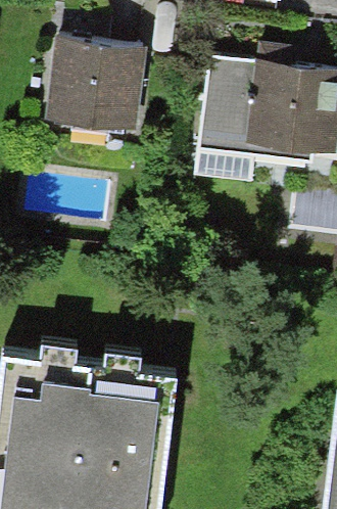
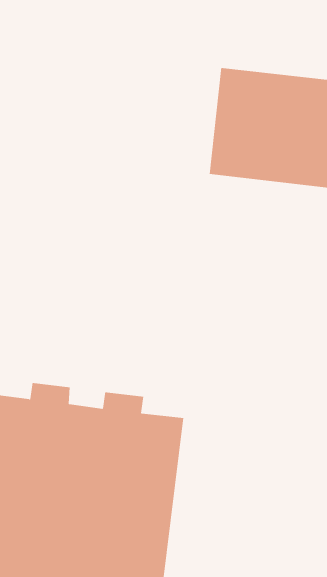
building: [48,41,143,131] -> none

